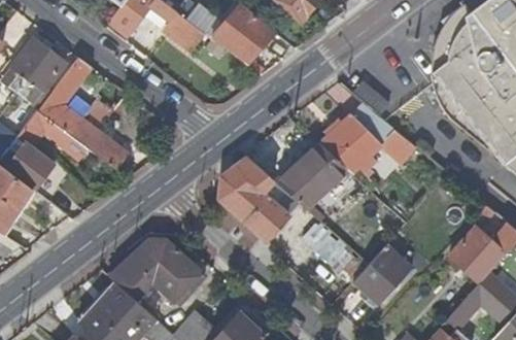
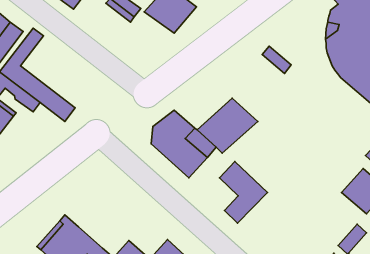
building: [318,102,406,173] -> none
building: [109,238,205,306] -> none
building: [353,244,412,305] -> none

